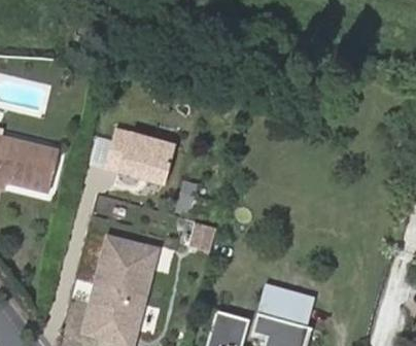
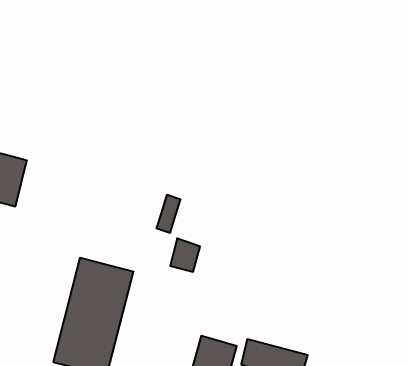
building: [106,128,176,185] -> none
building: [257,284,312,324] -> none

